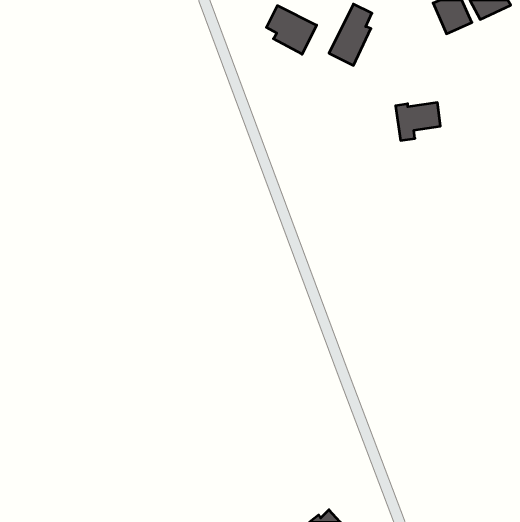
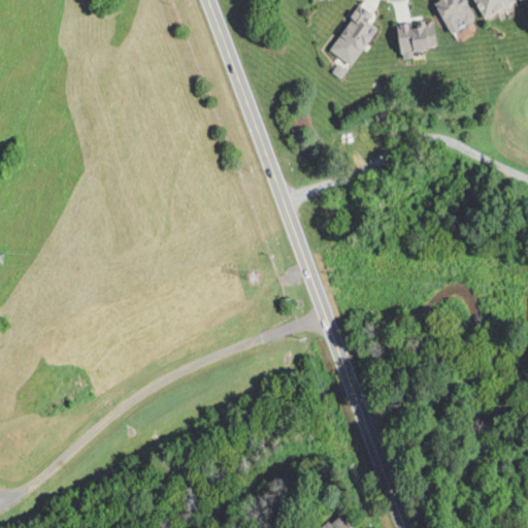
building: [266,6,317,54] -> none
building: [396,103,440,140] -> [388,23,433,61]

